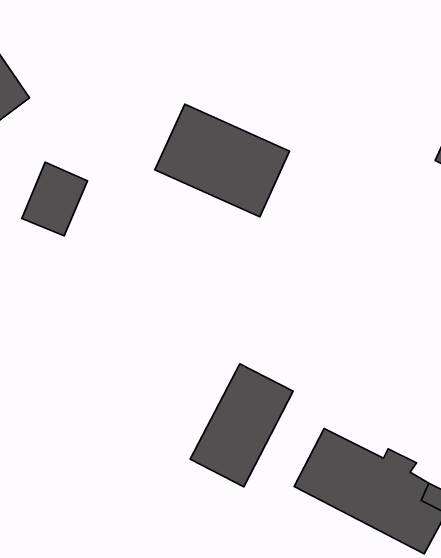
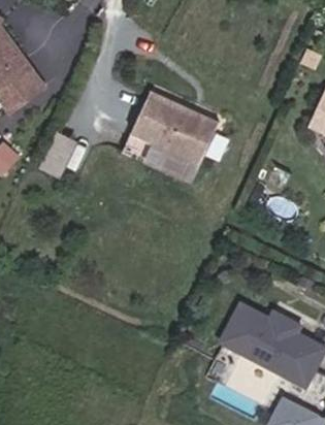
building: [190,364,293,487] -> none

